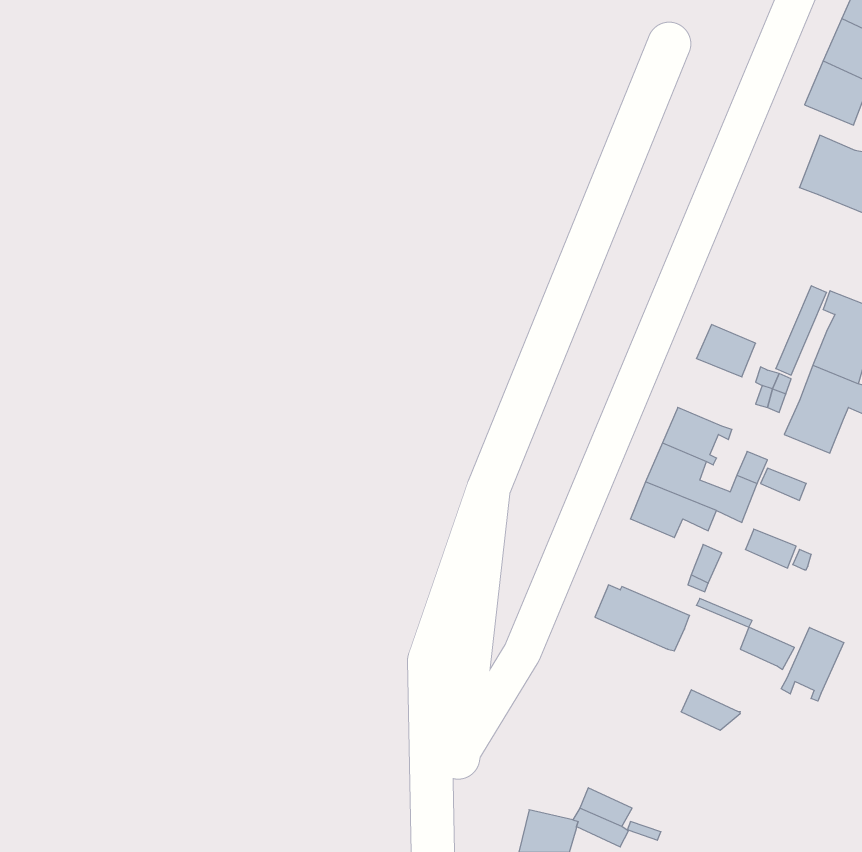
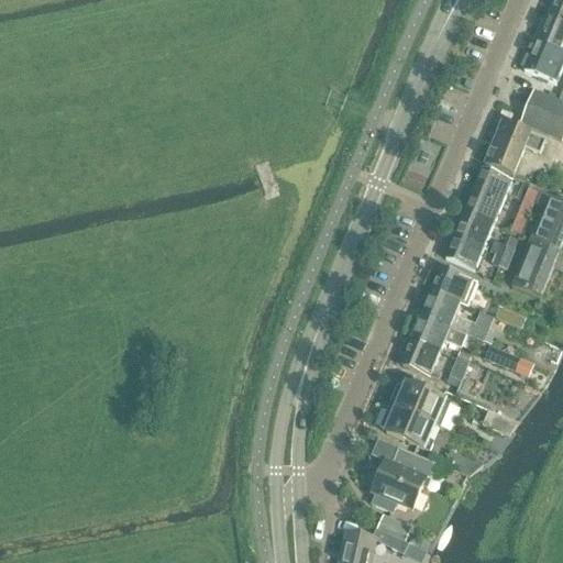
building: none -> [484,118,545,173]
building: none -> [464,167,511,223]
building: none -> [445,233,484,268]
building: none -> [401,338,442,378]
building: none -> [379,401,435,449]
building: [781,627,844,701] -> none
building: none -> [372,444,438,510]

